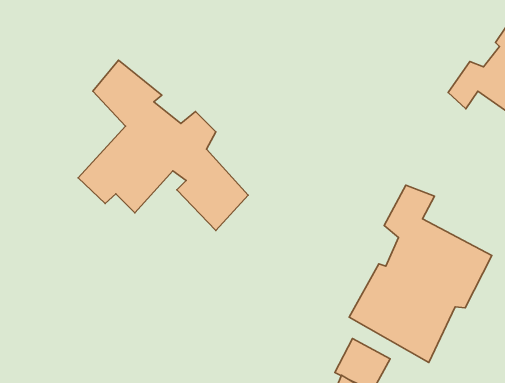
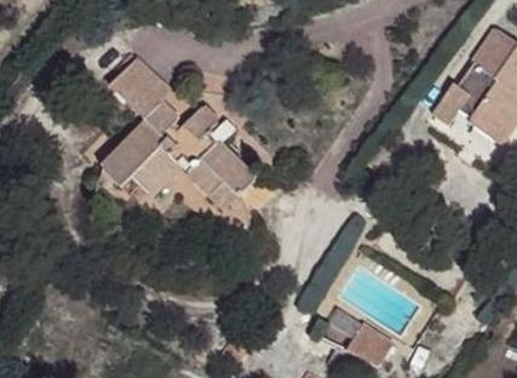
building: [349,185,492,362] -> none

